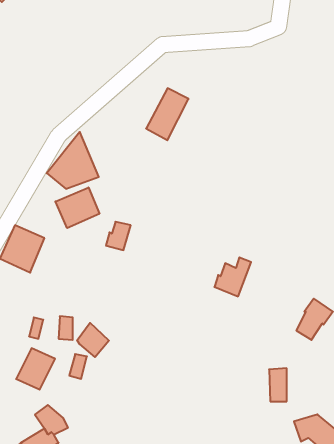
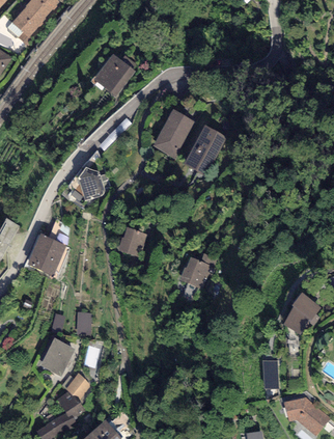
building: none -> [95,57,133,94]
building: none -> [187,129,224,173]
building: [55,187,99,228] -> none
building: [214,257,251,296] -> [182,254,214,289]
building: [77,323,109,357] -> [66,372,94,402]

